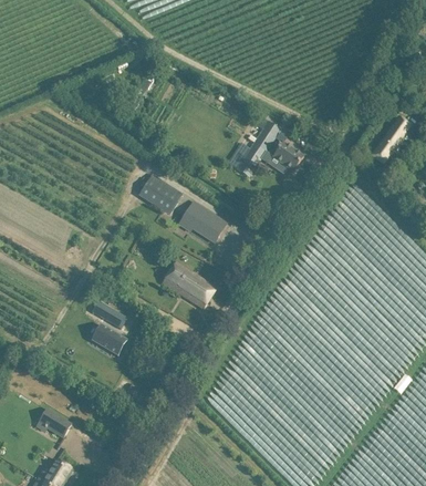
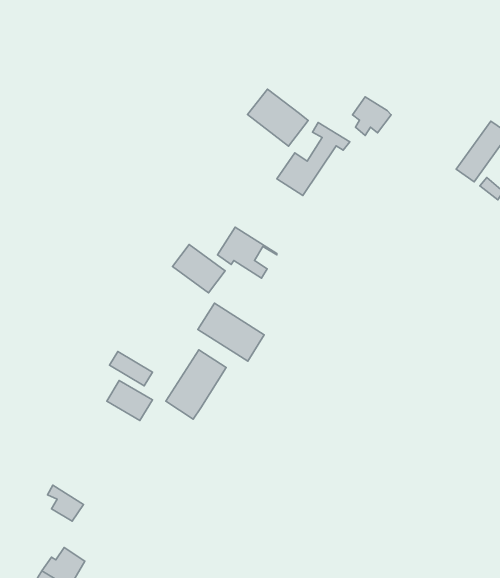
building: none -> [248,89,308,146]
building: [272,143,303,174] -> [353,97,391,135]
building: [149,175,191,214] -> [173,244,225,293]
building: none -> [166,350,226,419]

